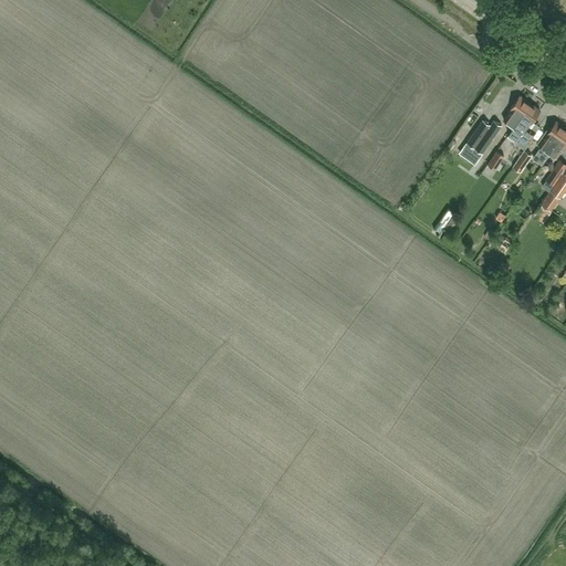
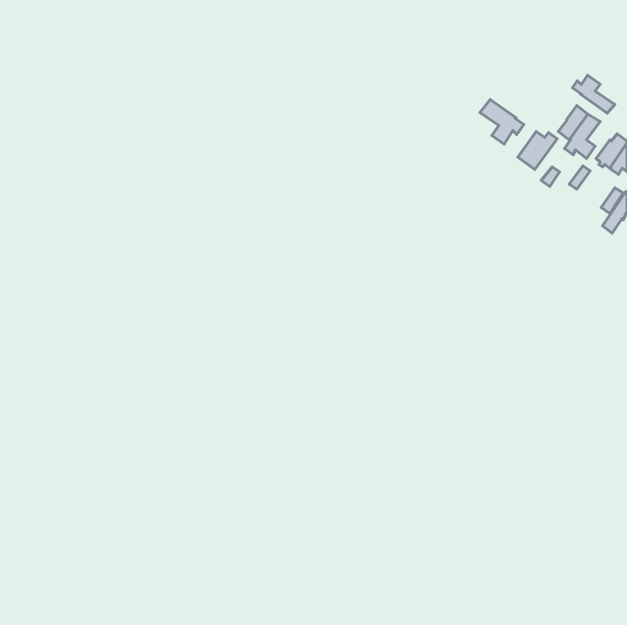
building: none -> [572,75,615,113]
building: none -> [480,100,524,144]

